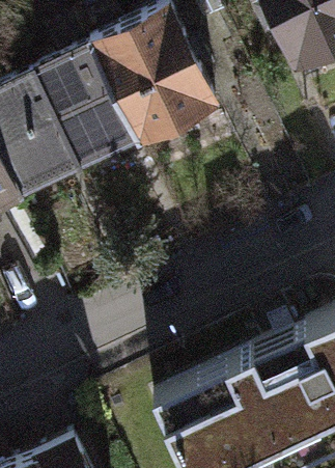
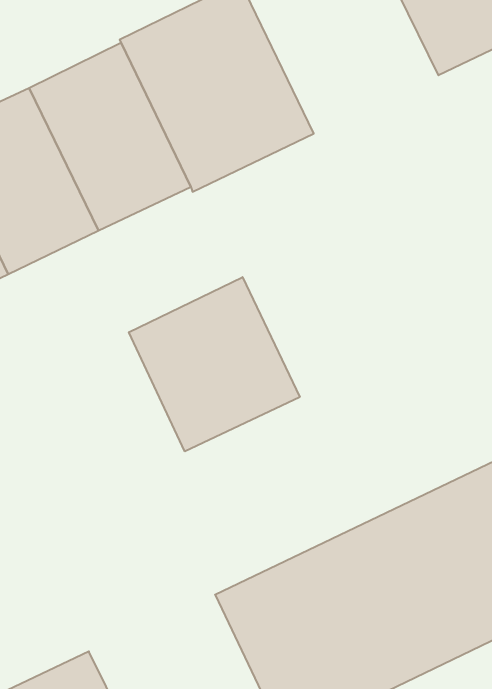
building: none -> [129,277,300,451]

